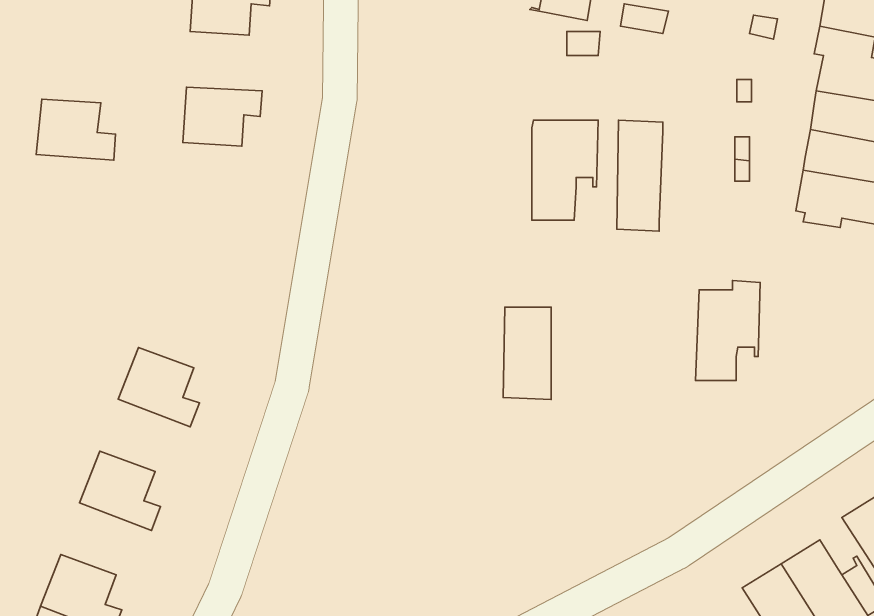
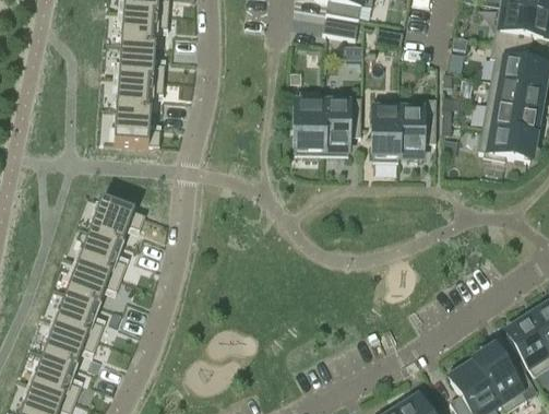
building: none -> [118,44,164,79]
building: [36,99,116,160] -> [112,109,159,145]
building: [696,281,760,380] -> [397,97,435,156]
building: none -> [89,199,144,243]
building: [503,307,551,399] -> [294,100,322,155]
building: none -> [67,261,120,304]
building: none -> [44,322,97,365]

